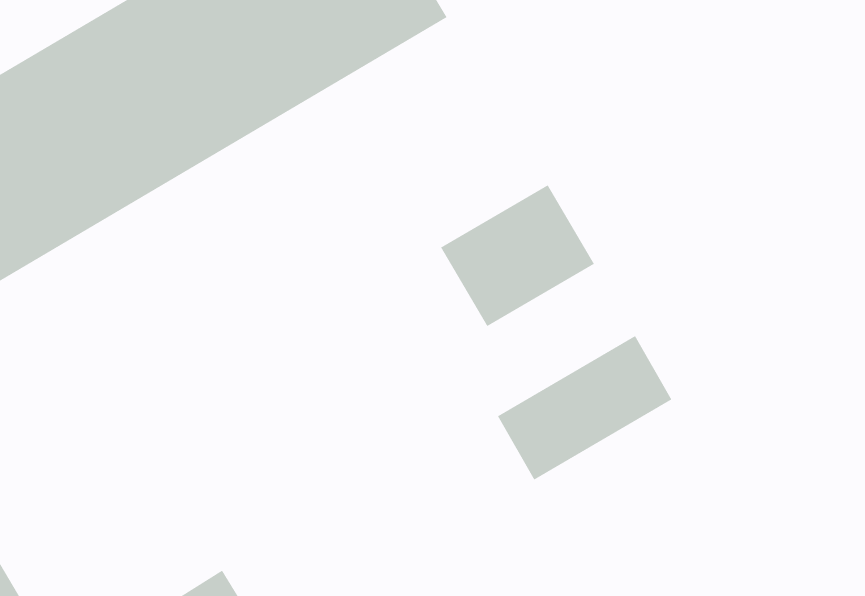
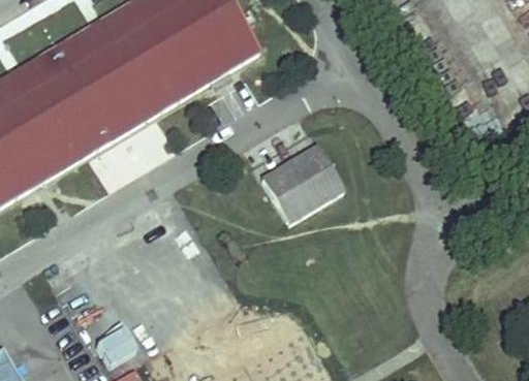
building: [497,335,672,480] -> none

